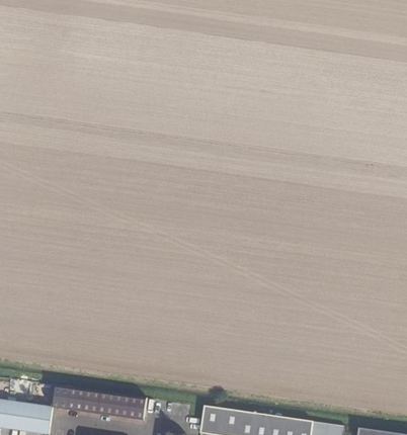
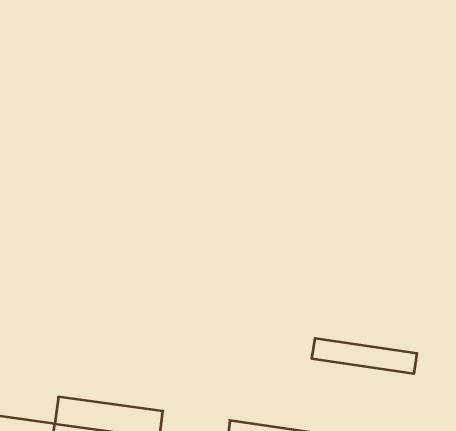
building: none -> [312,338,417,374]

